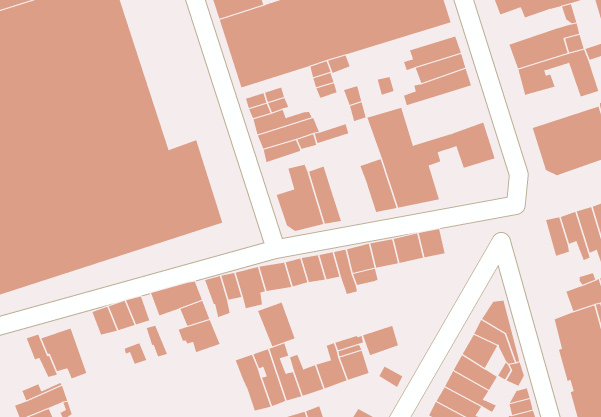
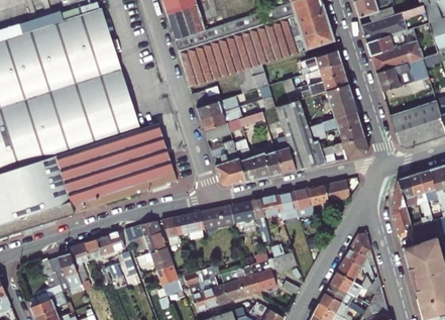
building: none -> [366,31,405,57]
building: none -> [325,85,355,118]
building: none -> [332,135,367,158]
building: none -> [250,150,281,179]
building: none -> [392,178,410,231]
building: none -> [325,179,351,201]
building: [257,302,295,347] -> [156,263,183,295]
building: none -> [68,241,91,289]

